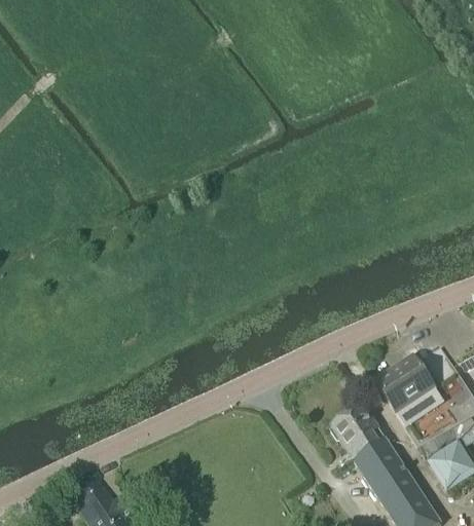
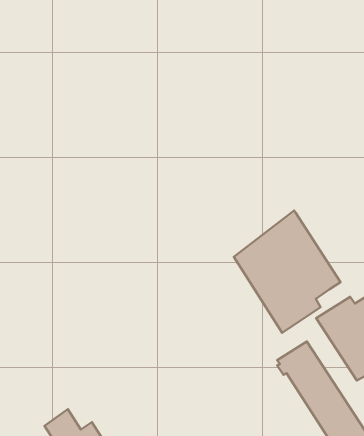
building: none -> [234,210,341,333]

